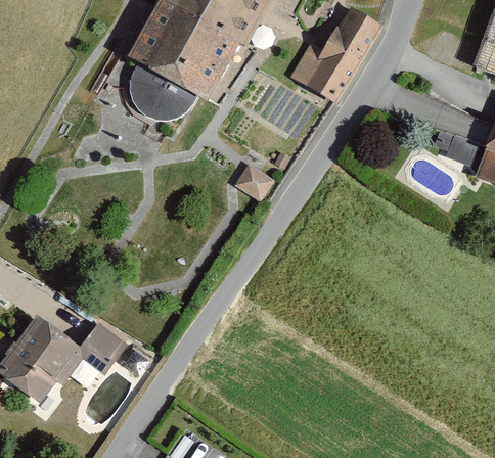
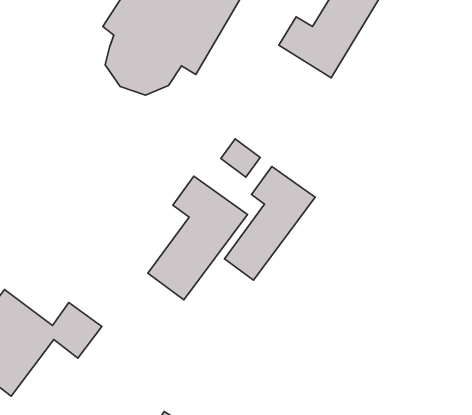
building: none -> [224,167,315,280]
building: none -> [148,176,247,300]

